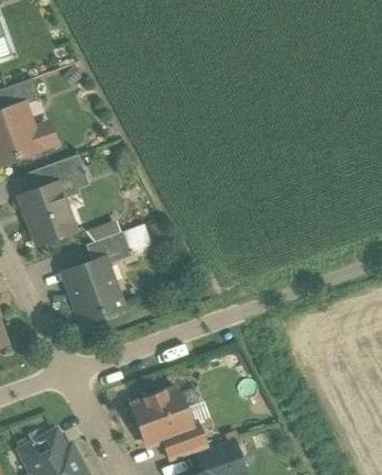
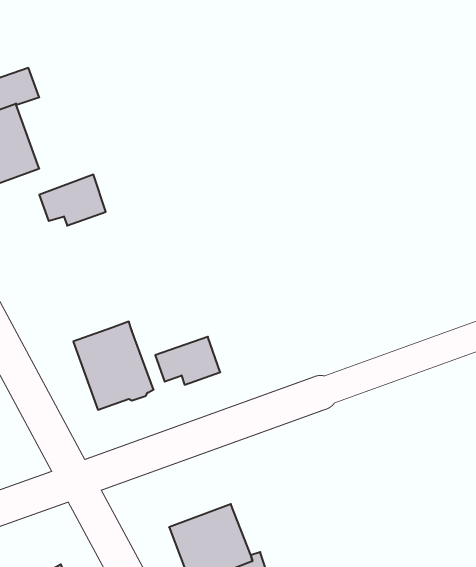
building: [20,184,74,243] -> none
building: [85,231,131,265] -> [155,337,220,385]

